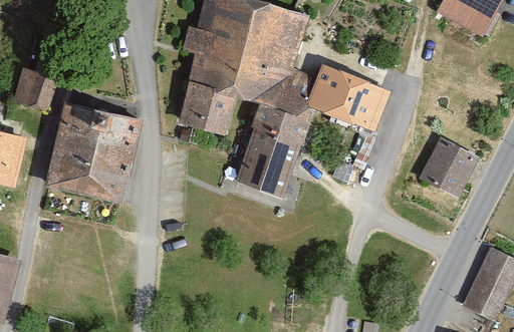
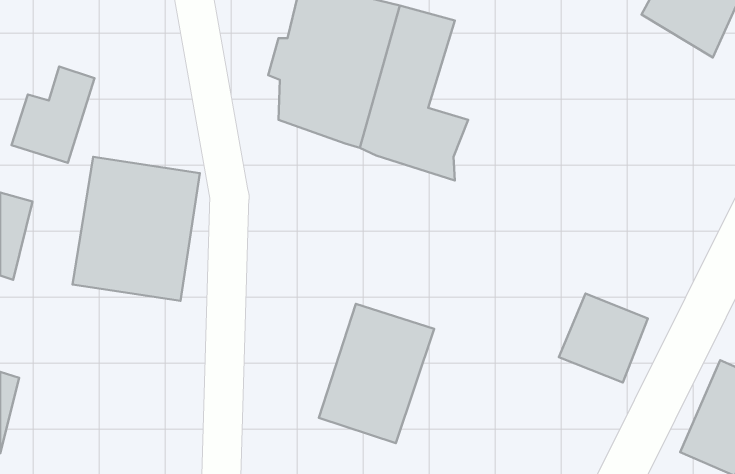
building: [307,65,391,131] -> none
building: [176,81,234,134] -> none
building: [230,105,308,200] -> [319,304,434,443]
building: [418,138,478,199] -> [559,293,648,382]

